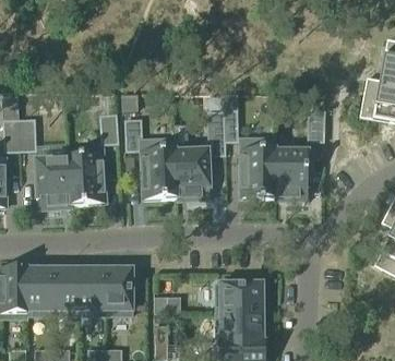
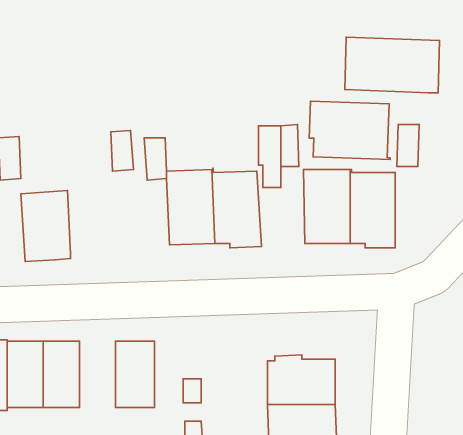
building: none -> [345,37,439,93]
building: none -> [309,101,390,160]
building: [69,145,106,203] -> none
building: [79,266,105,314] -> none

